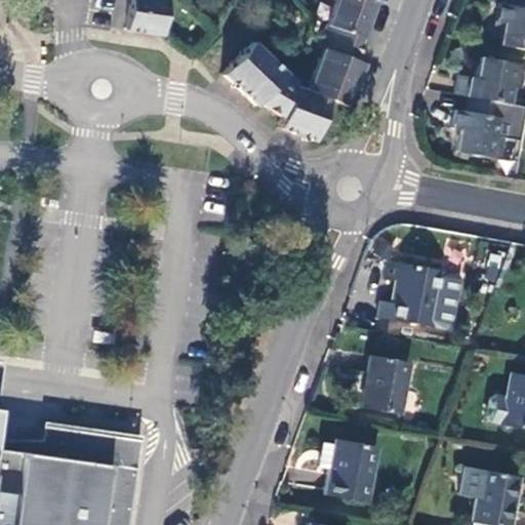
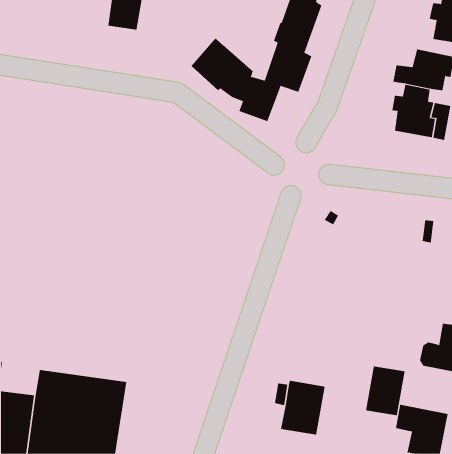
building: [379,260,463,329] -> none
building: [363,356,409,413] -> [365,366,405,416]

